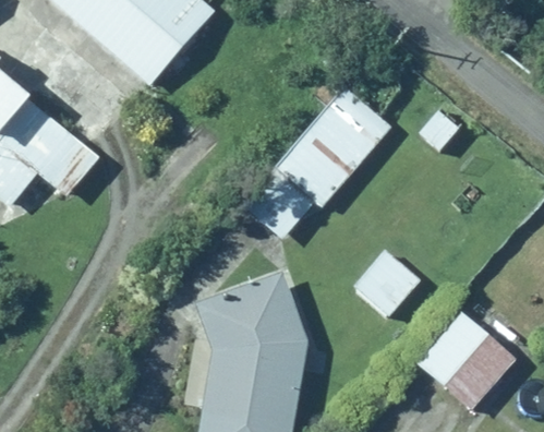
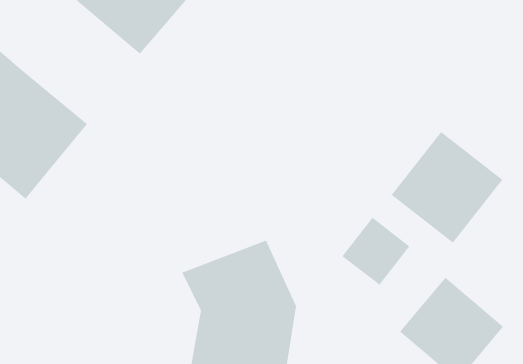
building: [241,83,391,241] -> none
building: none -> [391,131,503,244]

